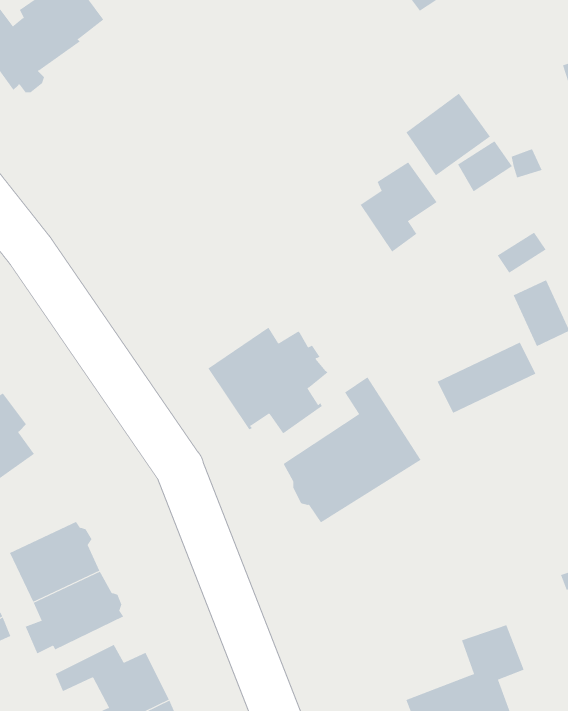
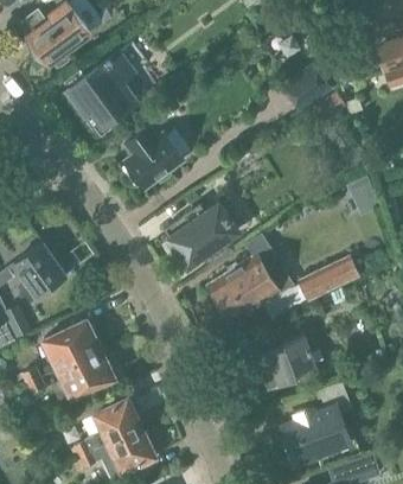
building: none -> [66,50,137,129]
building: [360,161,438,252] -> none
building: none -> [123,126,183,187]
building: [437,342,536,413] -> [299,257,358,300]
building: none -> [256,335,314,388]

